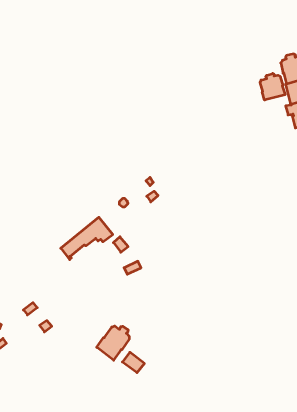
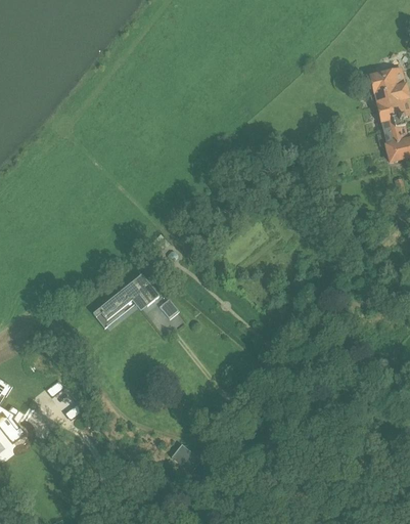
building: [260,73,285,100] -> none
building: [97,326,129,360] -> none

